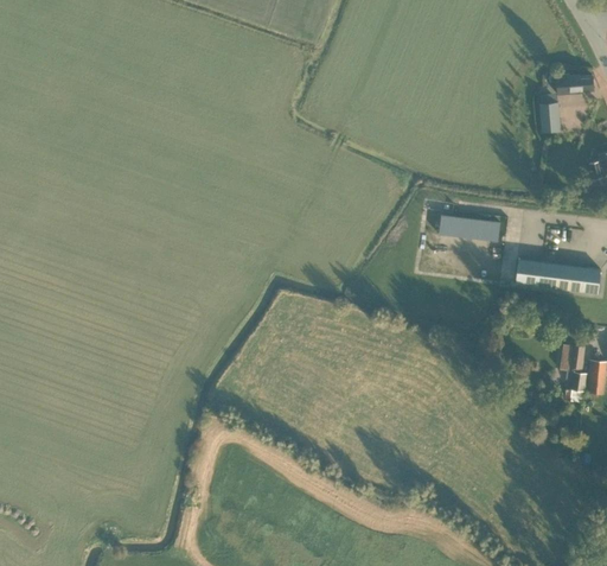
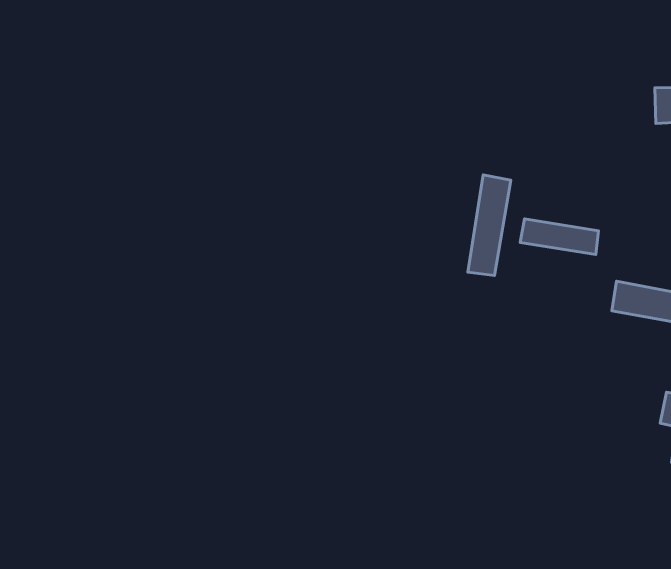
building: none -> [468,175,511,276]

